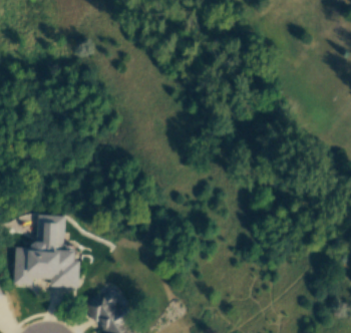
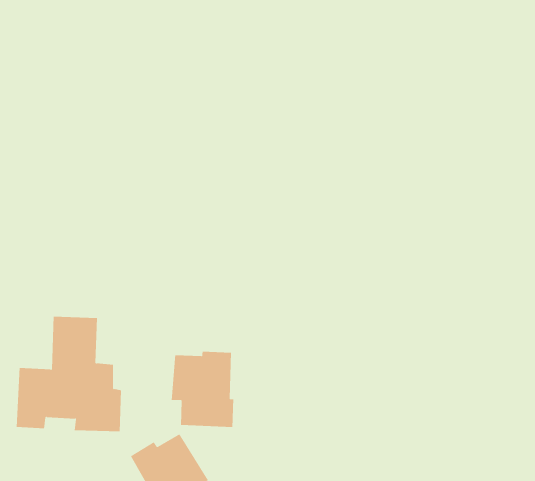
building: none -> [171,351,234,428]

